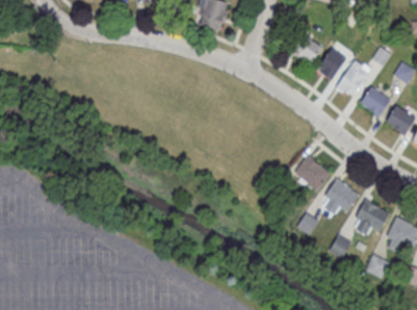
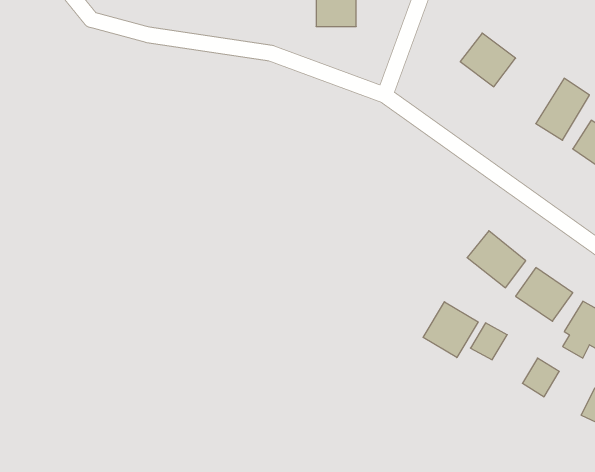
building: [317,49,348,82] -> none
building: none -> [423,302,478,358]

